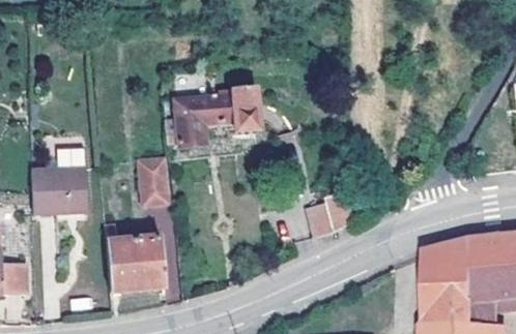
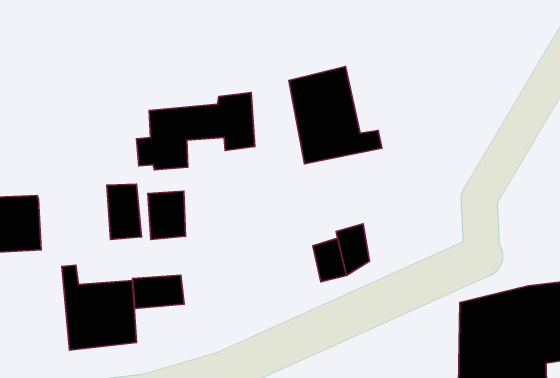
building: none -> [289,67,382,164]
building: none -> [148,191,185,239]
building: none -> [132,275,184,309]

